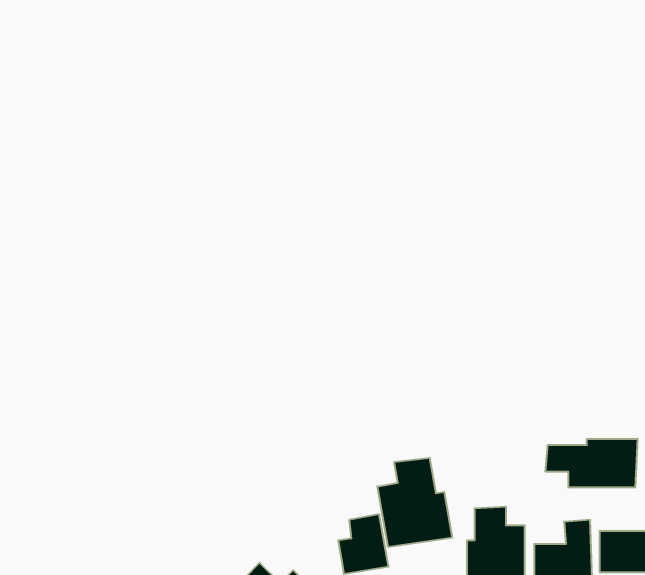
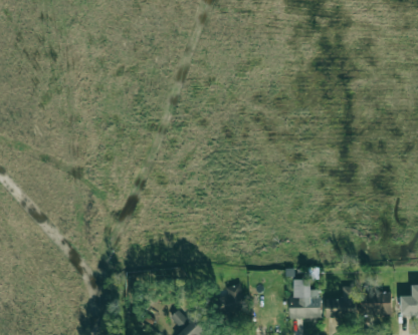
building: [546,439,637,488] -> none
building: [377,458,452,547] -> none

